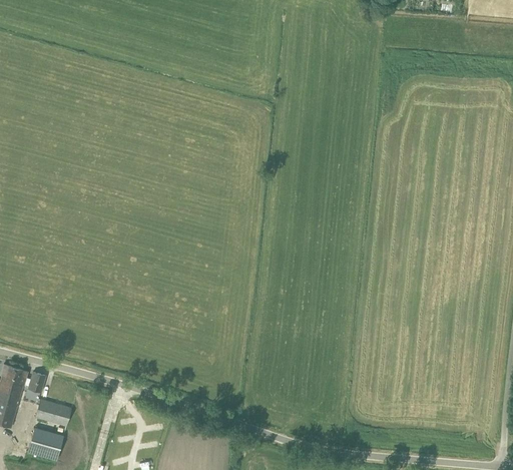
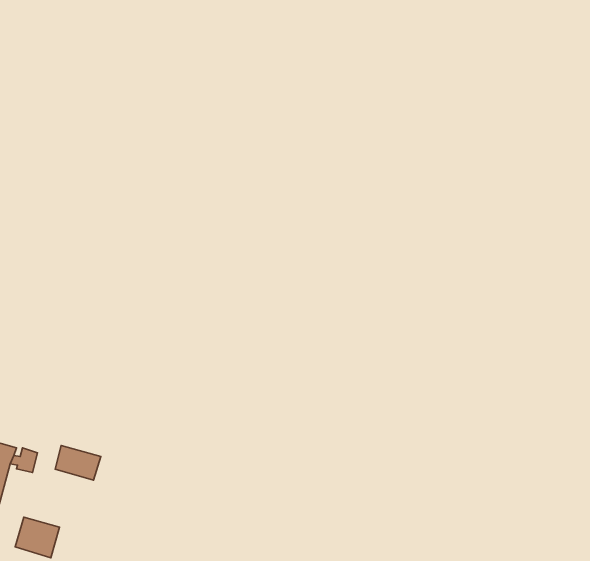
building: [34,398,71,426] -> [55,446,101,480]

